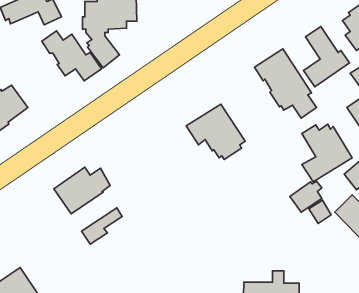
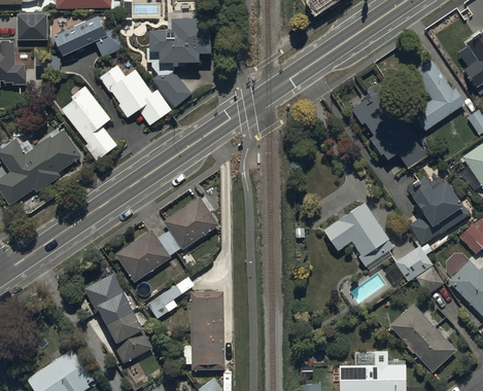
building: none -> [61,85,116,162]
building: [186,104,245,159] -> [323,203,393,269]
building: none -> [164,197,219,250]
building: none -> [83,273,151,364]
building: none -> [191,291,225,369]
building: none -> [388,304,456,372]

